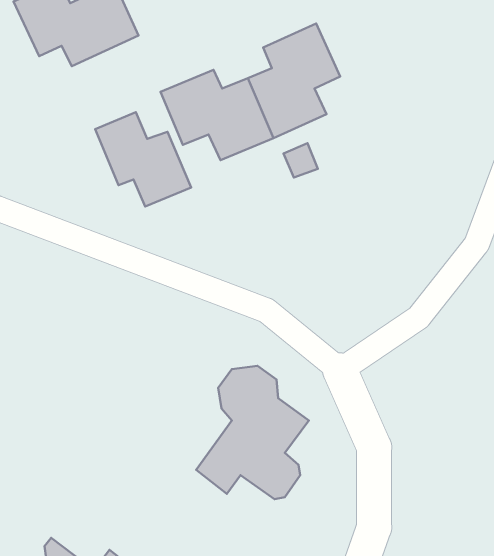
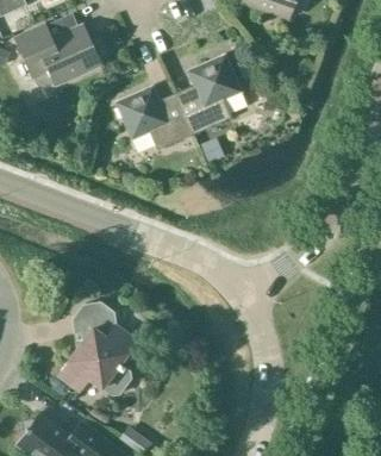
building: [95,112,191,206] -> none
building: [196,366,309,499] -> [58,302,137,395]

